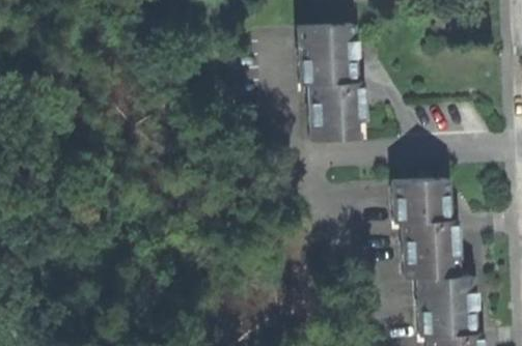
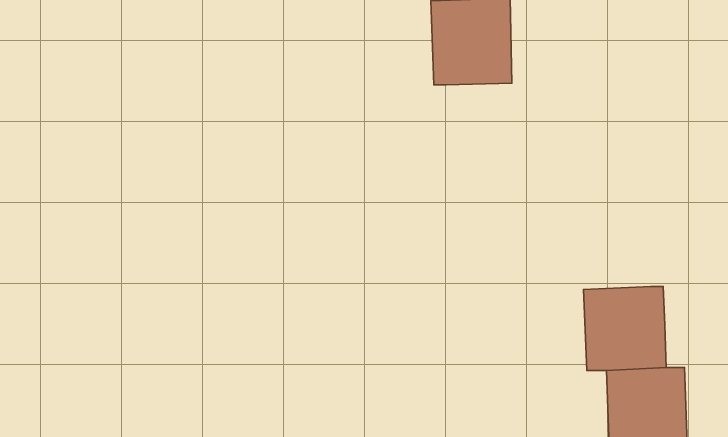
building: [309,80,364,138] -> none
building: [393,177,448,221] -> none

